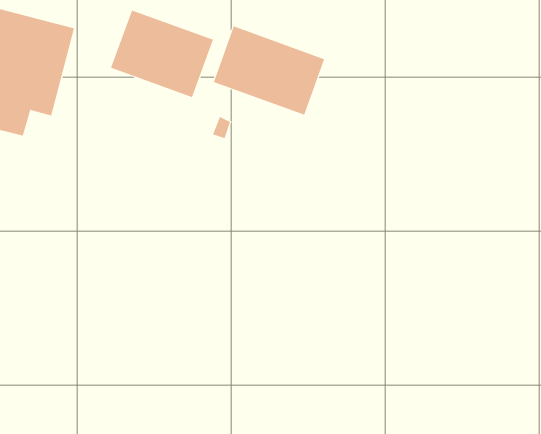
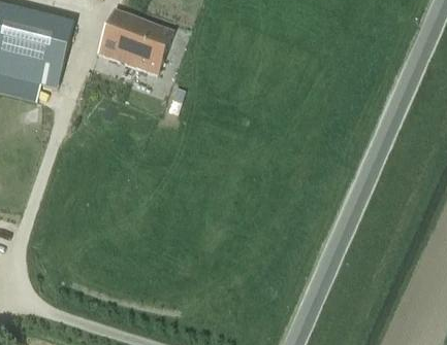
building: [213,26,325,116] -> none

